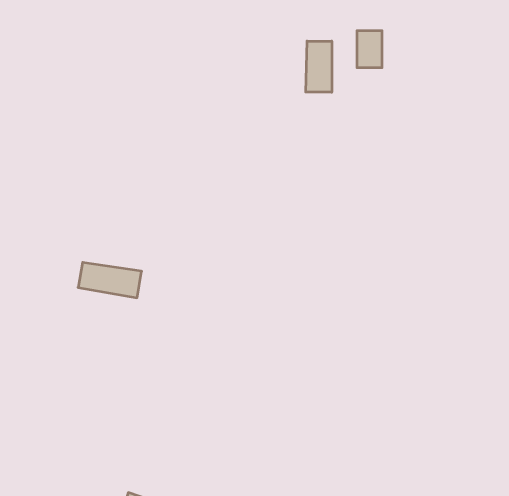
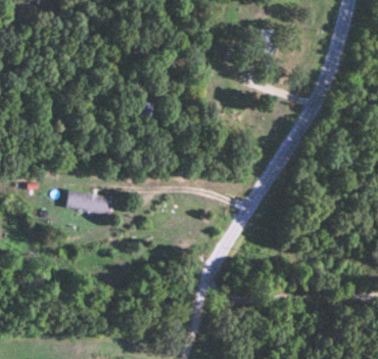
building: [306,41,332,92] -> none

